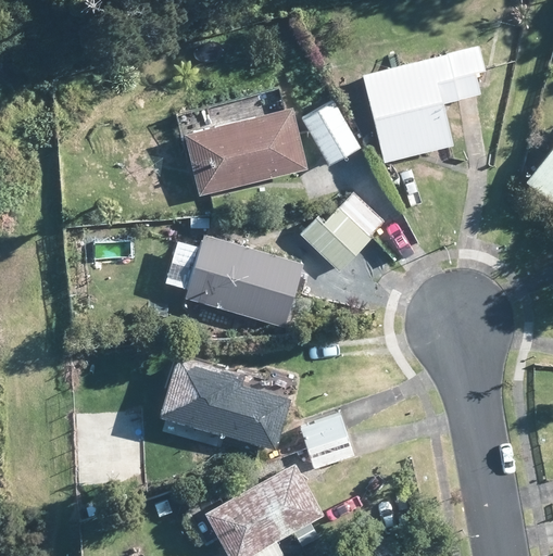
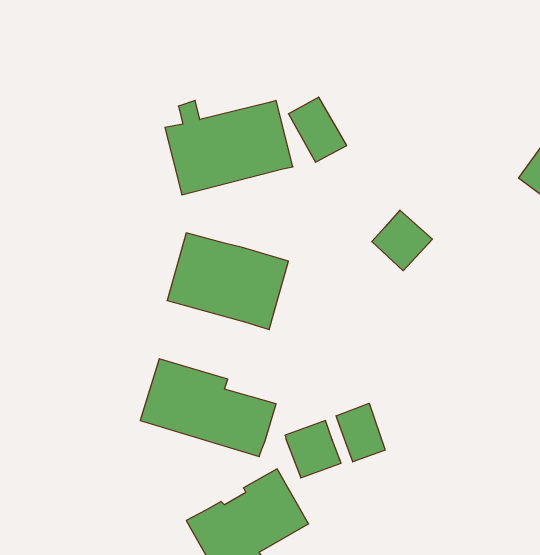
building: [364,49,485,164] -> none
building: [325,194,384,253] -> [372,210,432,271]
building: none -> [336,403,385,462]

